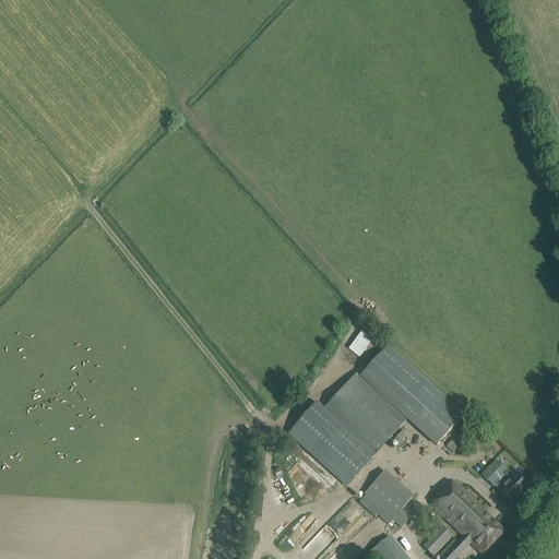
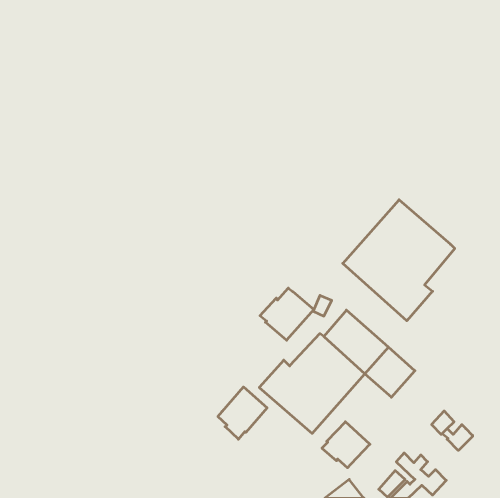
building: none -> [343,200,455,321]
building: none -> [260,288,314,340]
building: none -> [218,387,267,439]
building: [432,481,503,536] -> none

